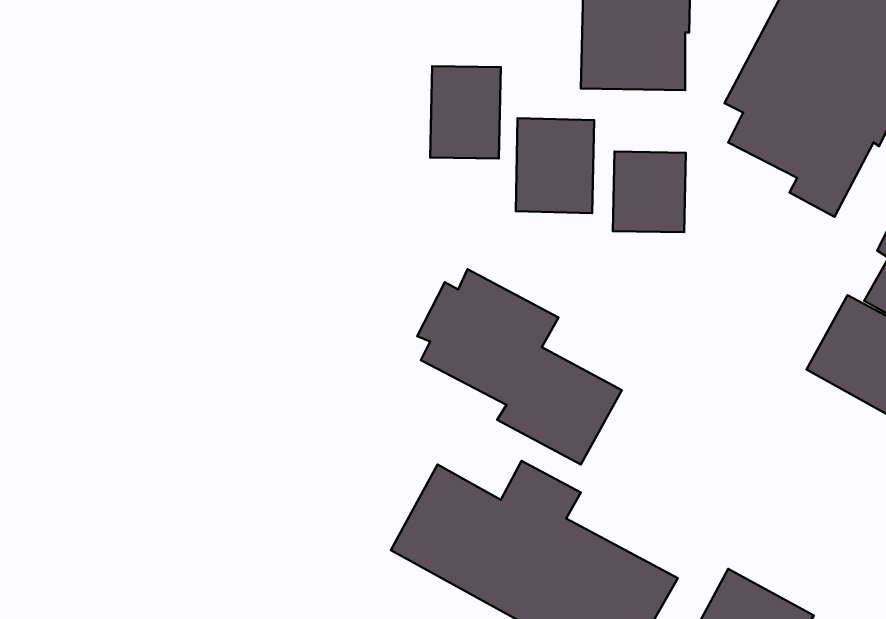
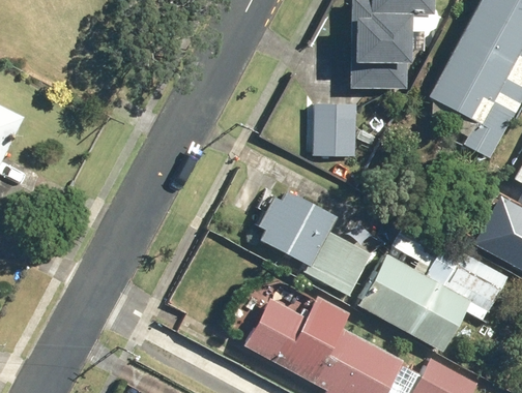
building: [430,66,501,159] -> none
building: [613,152,686,232] -> none
building: none -> [358,243,509,352]

